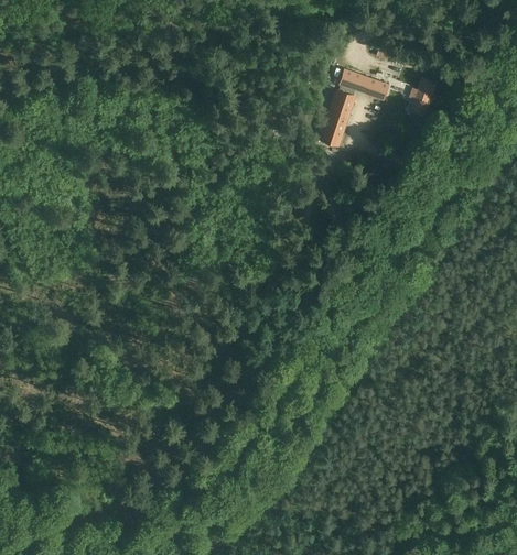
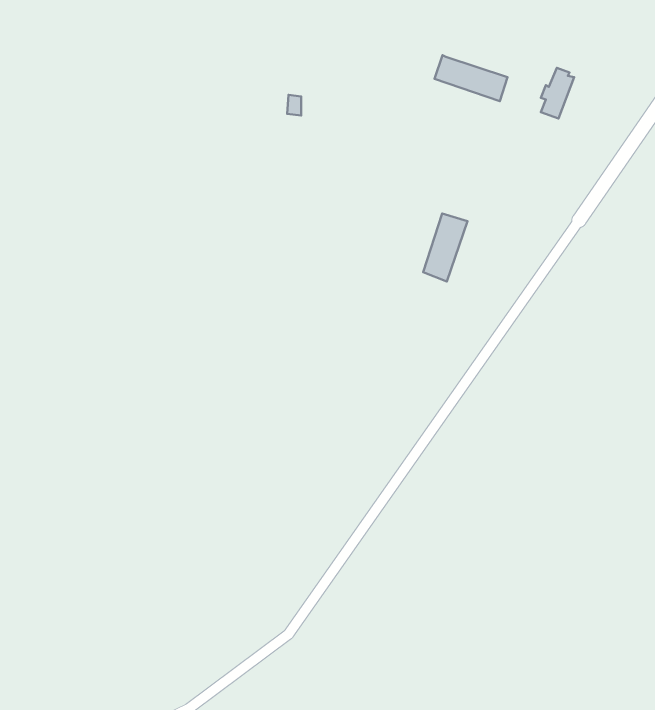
building: [324,94,355,141] -> [423,213,468,282]

